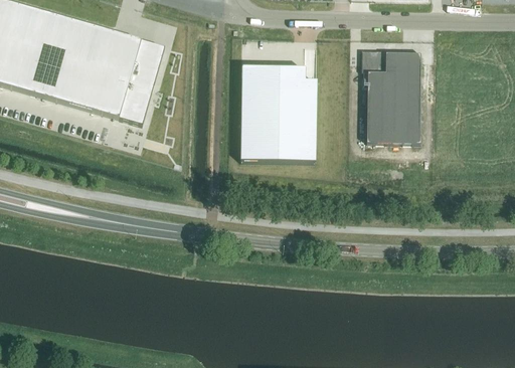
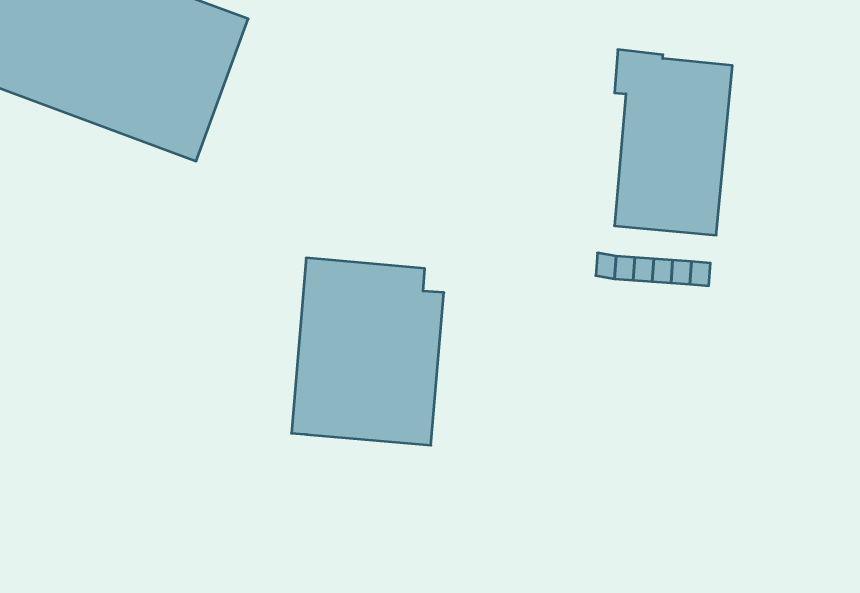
building: [240,65,316,160] -> [291,258,444,445]

